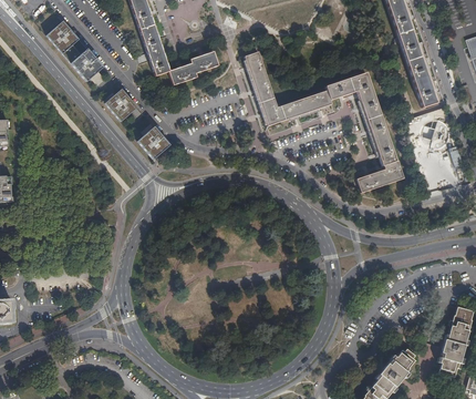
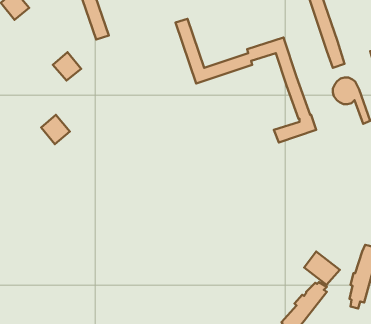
building: [72,50,104,82] -> none
building: [169,52,218,85] -> none
building: [139,127,172,161] -> [41,115,70,144]
building: none -> [304,251,340,285]

